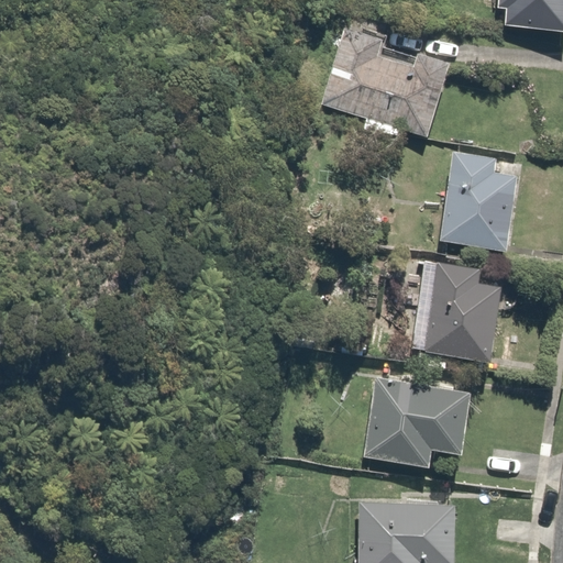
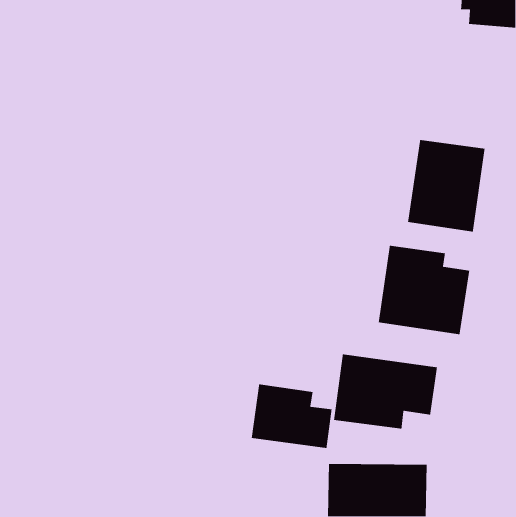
building: [318,29,450,140] -> none
building: none -> [251,384,332,449]

